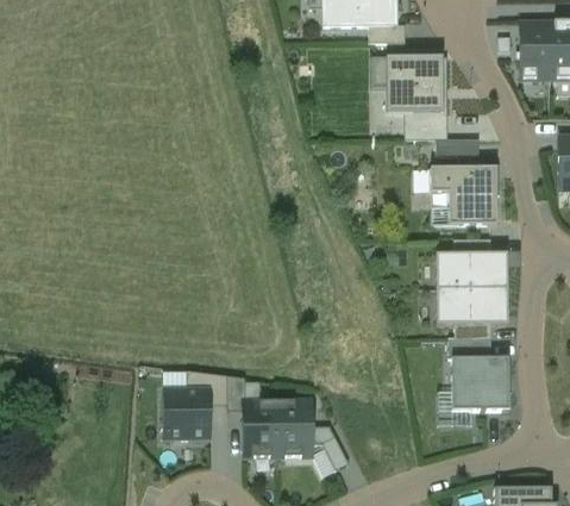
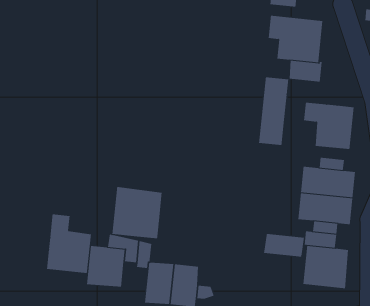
building: none -> [259,77,289,146]
building: [436,139,472,168] -> none
building: none -> [112,186,162,239]
building: none -> [263,233,305,258]
building: none -> [47,214,91,274]

